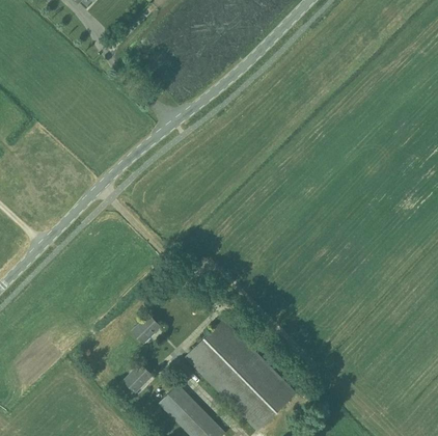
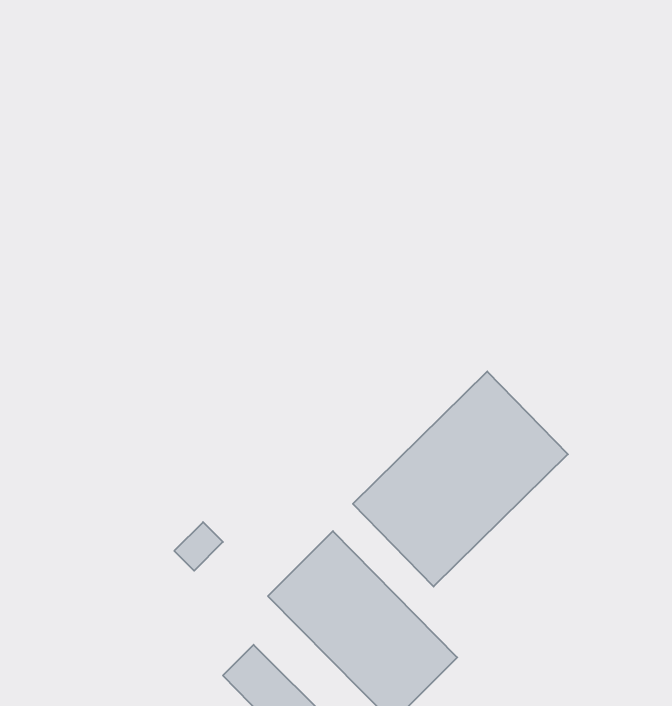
building: none -> [353,371,568,587]
building: [124,363,152,391] -> none

